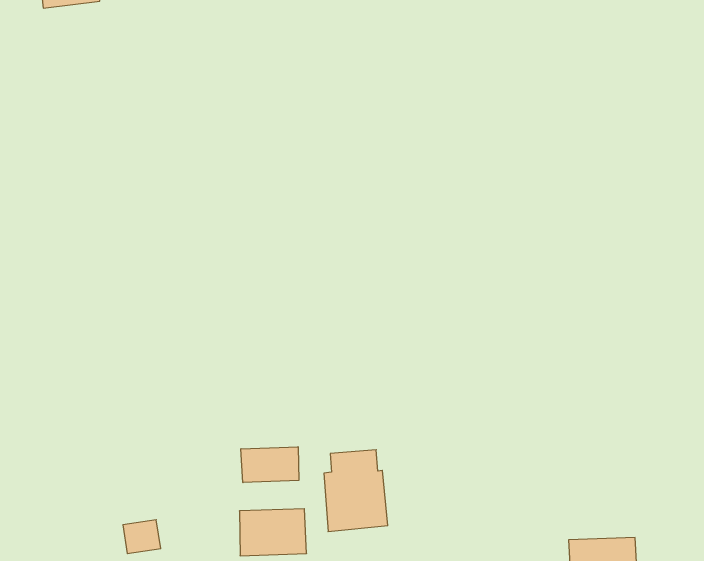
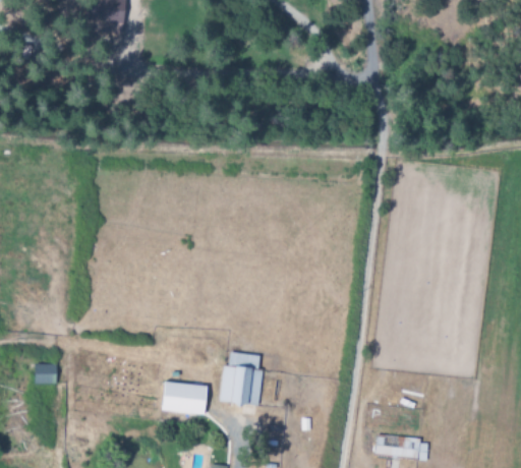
building: [241,447,299,483] -> none
building: [123,520,161,554] -> [35,364,57,384]

